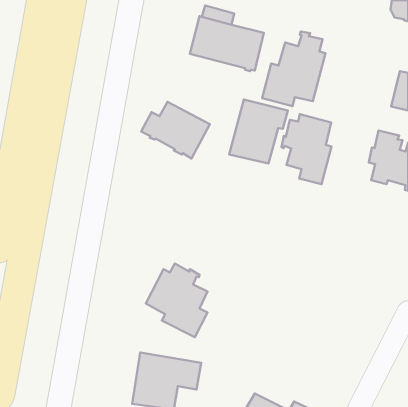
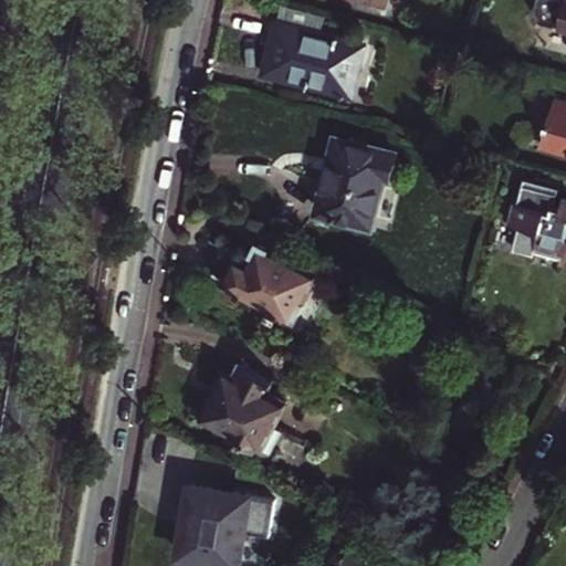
building: [262,32,325,106] -> none
building: [141,102,210,159] -> [222,244,317,323]
building: [281,114,331,184] -> none

